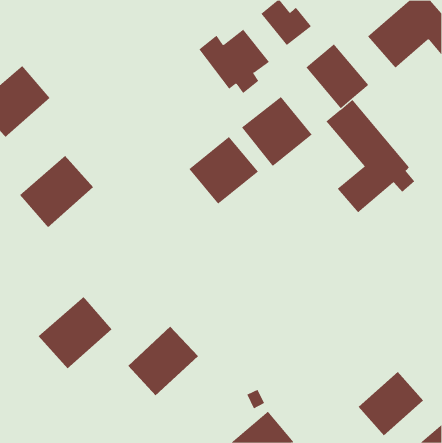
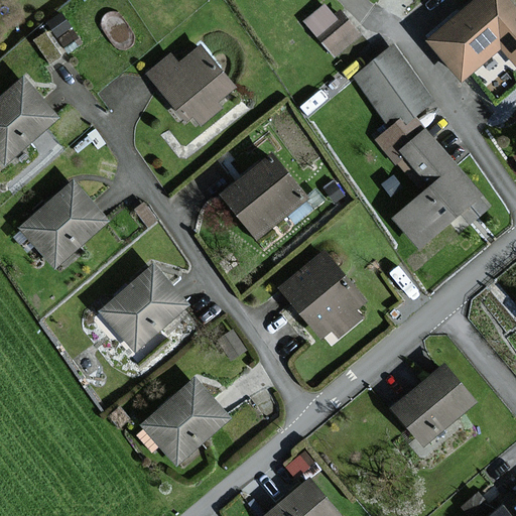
building: [198,29,270,94] -> [146,49,229,125]
building: [241,96,312,167] -> none
building: none -> [280,256,359,336]
building: [38,296,113,369] -> [103,263,189,348]
building: [358,371,424,436] -> [392,369,469,444]

